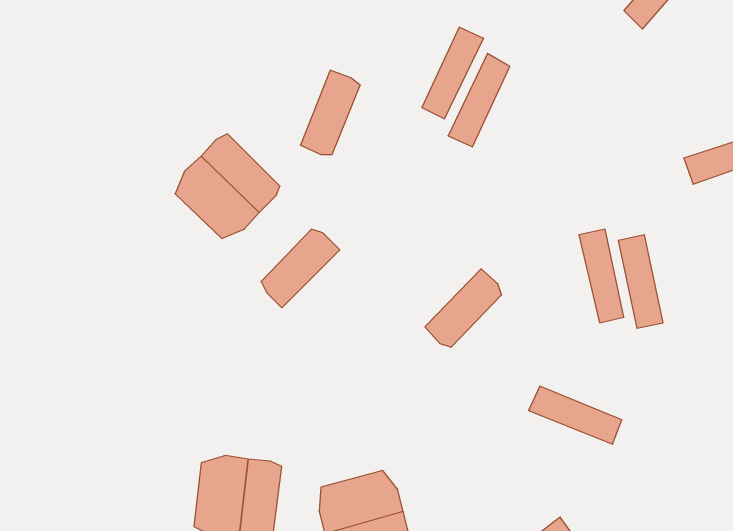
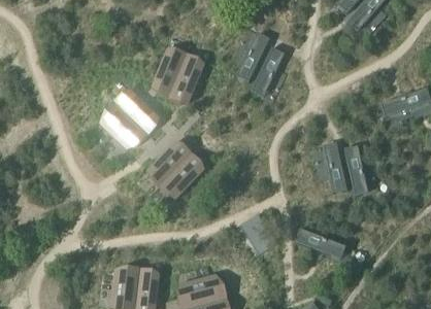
building: none -> [153,49,186,96]
building: [425,269,502,347] -> [160,153,202,197]

